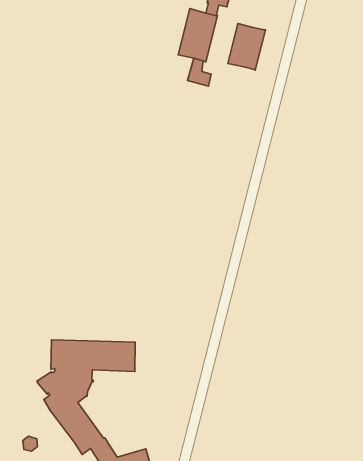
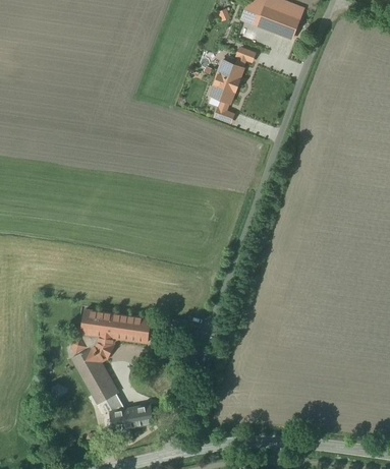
building: [228,23,265,70] -> none

